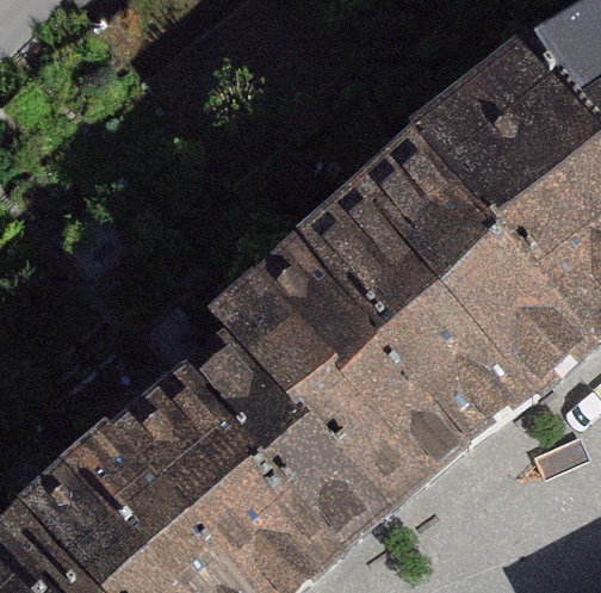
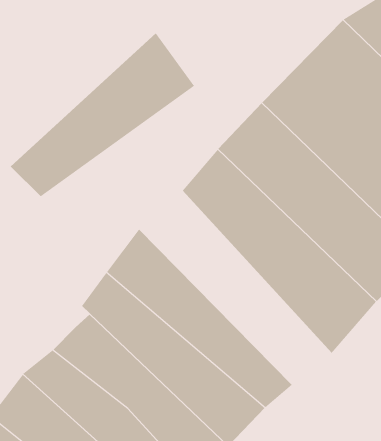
building: none -> [10,33,195,197]
building: [240,251,459,494] -> none

